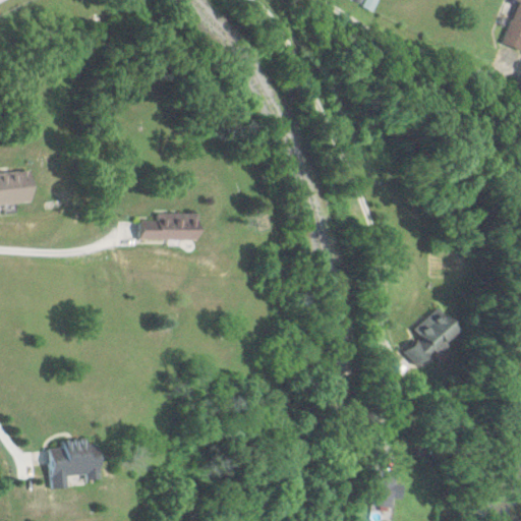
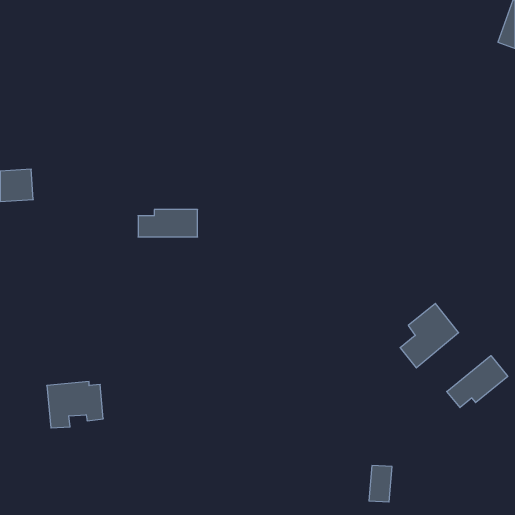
building: none -> [447,356,508,408]
building: [46,441,103,487] -> [47,382,103,428]

